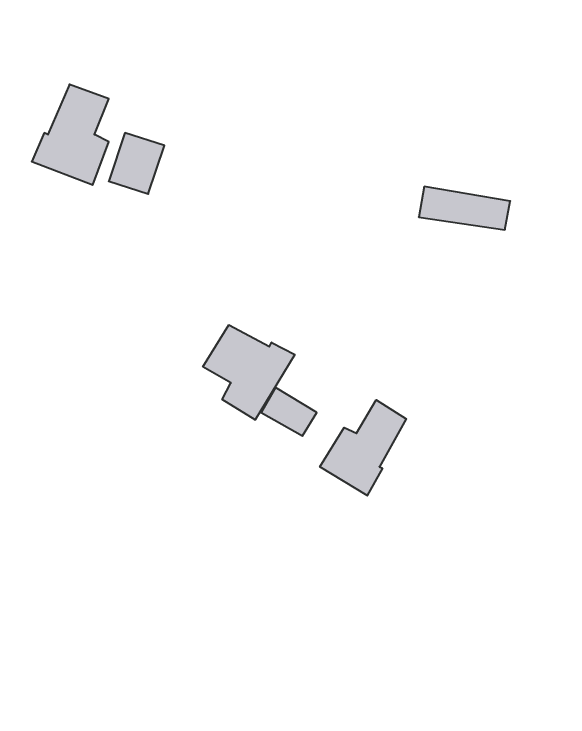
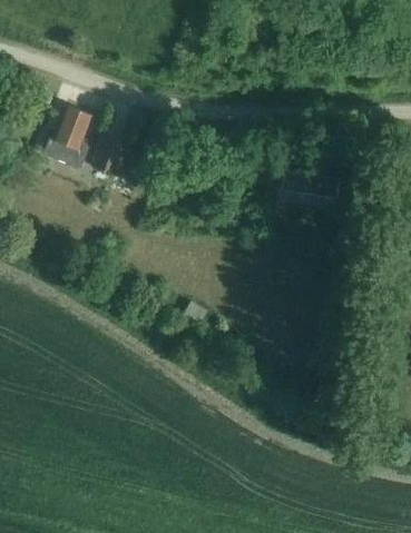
building: [203,325,295,420] -> none
building: [320,400,406,496] -> none

